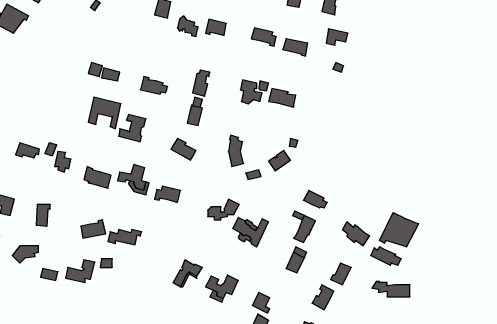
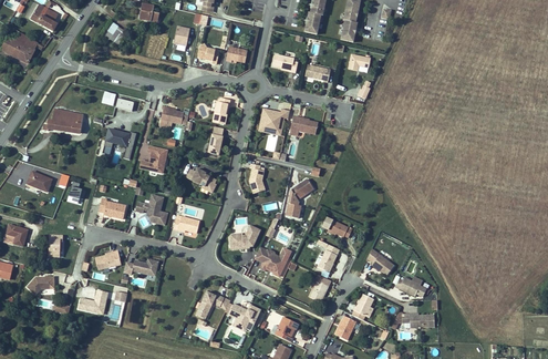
building: none -> [45,106,86,130]
building: [379,213,419,247] -> none

